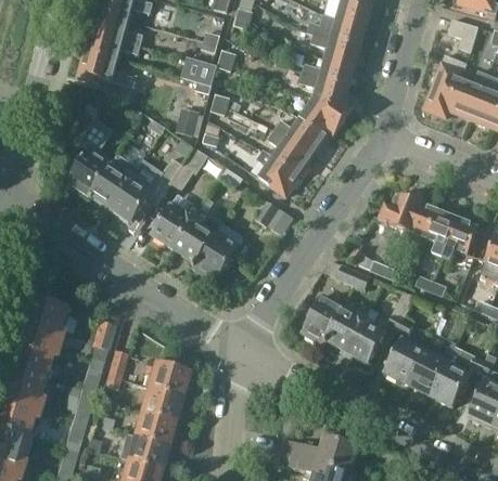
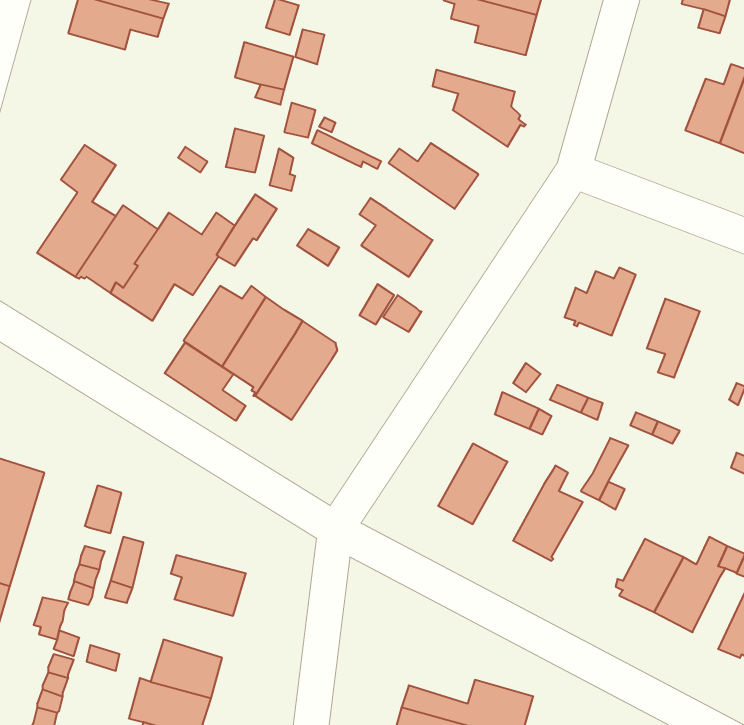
building: [78,53,132,86] -> none
building: [423,55,467,118] -> none
building: [302,58,355,88] -> none
building: [298,99,344,138] -> none
building: [267,130,312,176] -> none
building: [401,196,437,246] -> none
building: [443,218,480,260] -> none
building: none -> [165,342,246,421]
building: [323,307,371,353] -> none
building: [385,340,425,386] -> none
building: [140,388,181,422] -> none

